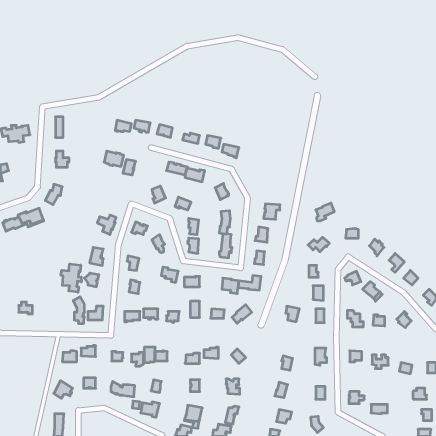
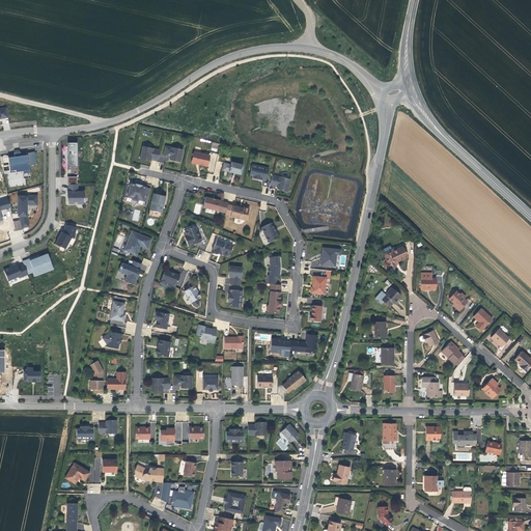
building: none -> [12,195,36,230]
building: none -> [123,230,151,255]
building: [61,264,81,292] -> none

